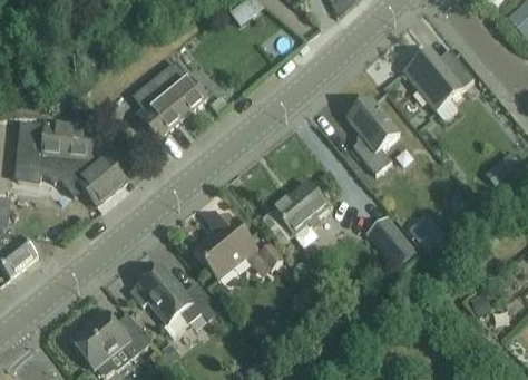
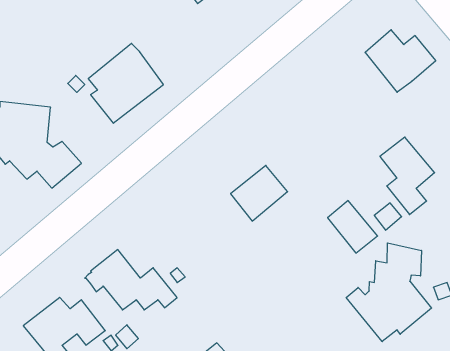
building: [345,98,399,174] -> [380,137,435,215]
building: [193,214,283,280] -> none
building: none -> [346,243,432,342]

